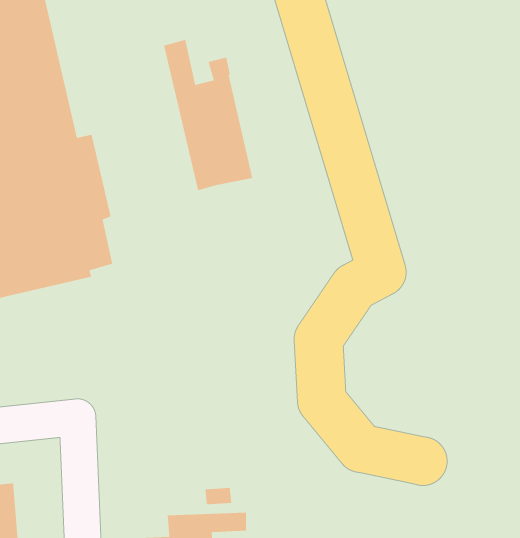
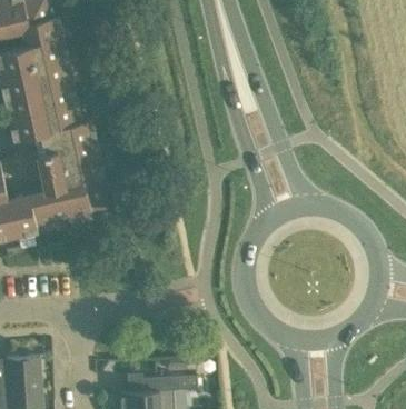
building: [163,39,253,191] -> none

